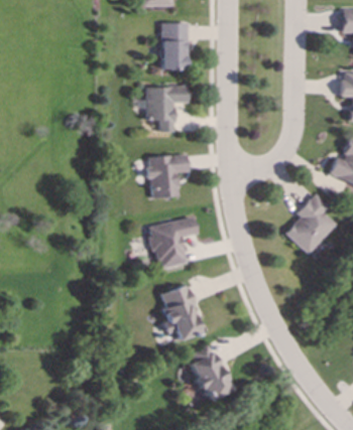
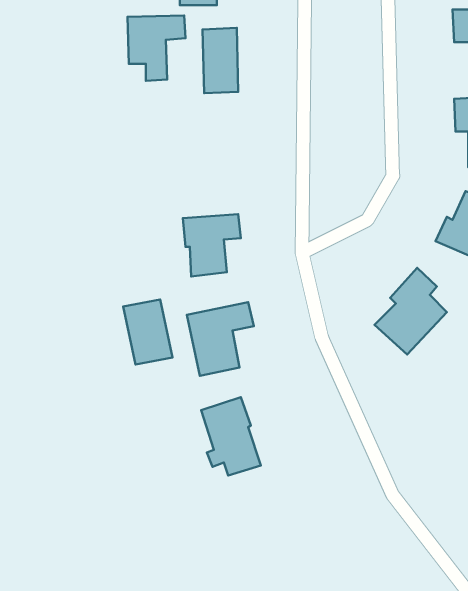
building: [147,87,189,133] -> [127,16,186,81]
building: none -> [123,299,172,365]
building: [191,345,232,402] -> none

